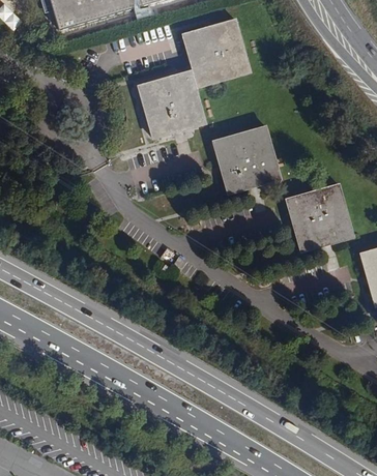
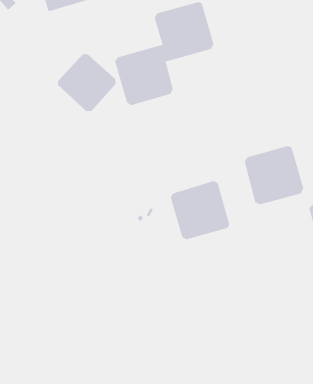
building: none -> [57,53,116,112]
building: [211,125,281,194] -> [170,181,230,240]

